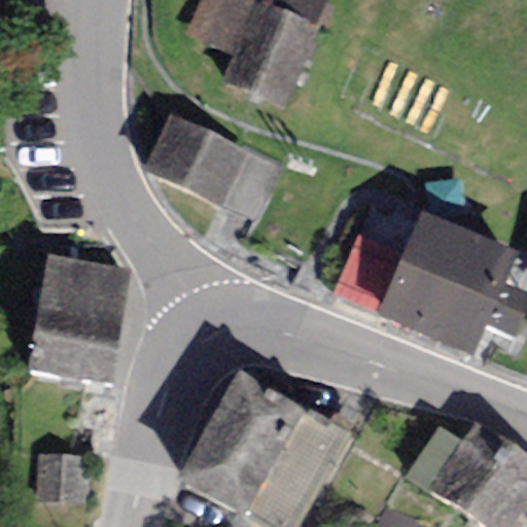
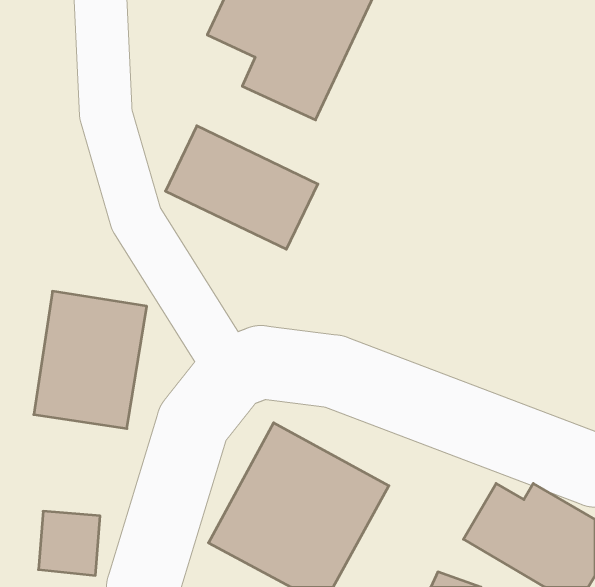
building: [378,217,515,351] -> none

